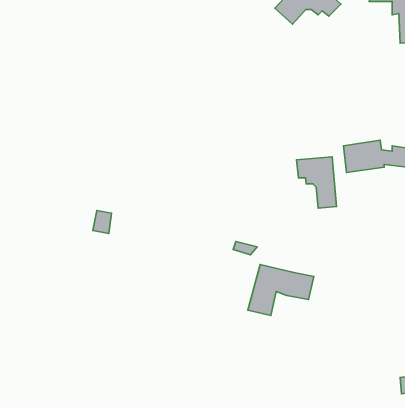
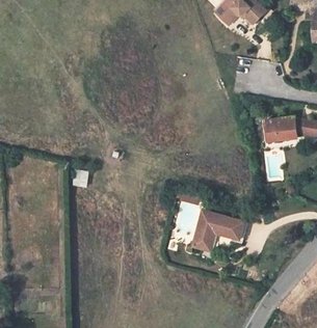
building: [297,157,337,208] -> none

